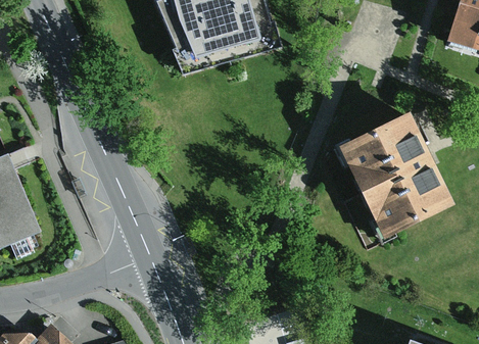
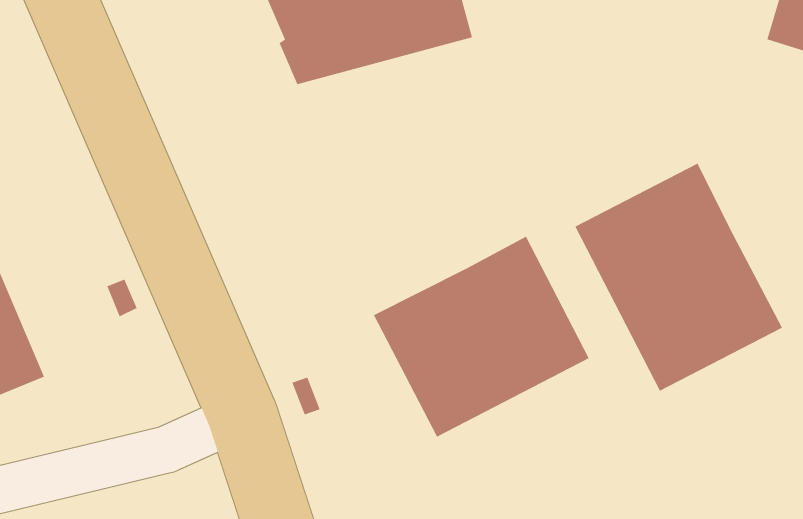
building: none -> [373,236,590,438]

